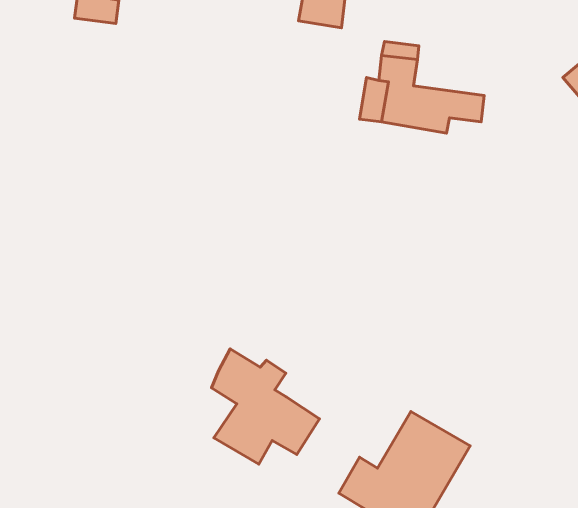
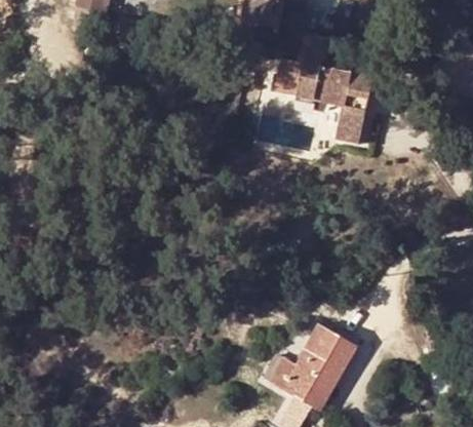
building: none -> [343,95,375,146]
building: [212,349,319,464] -> none

